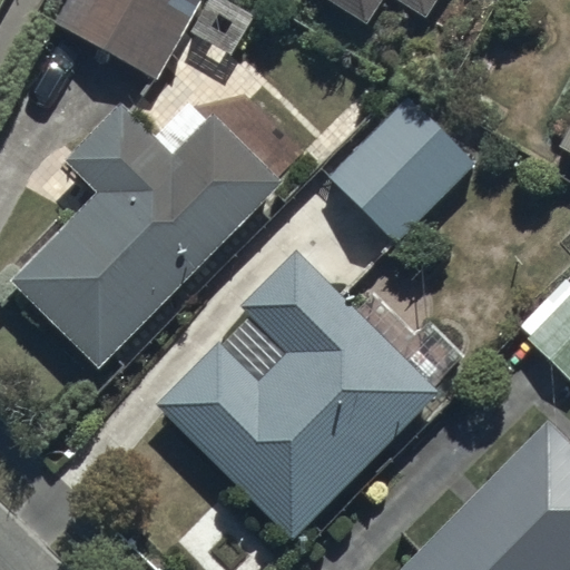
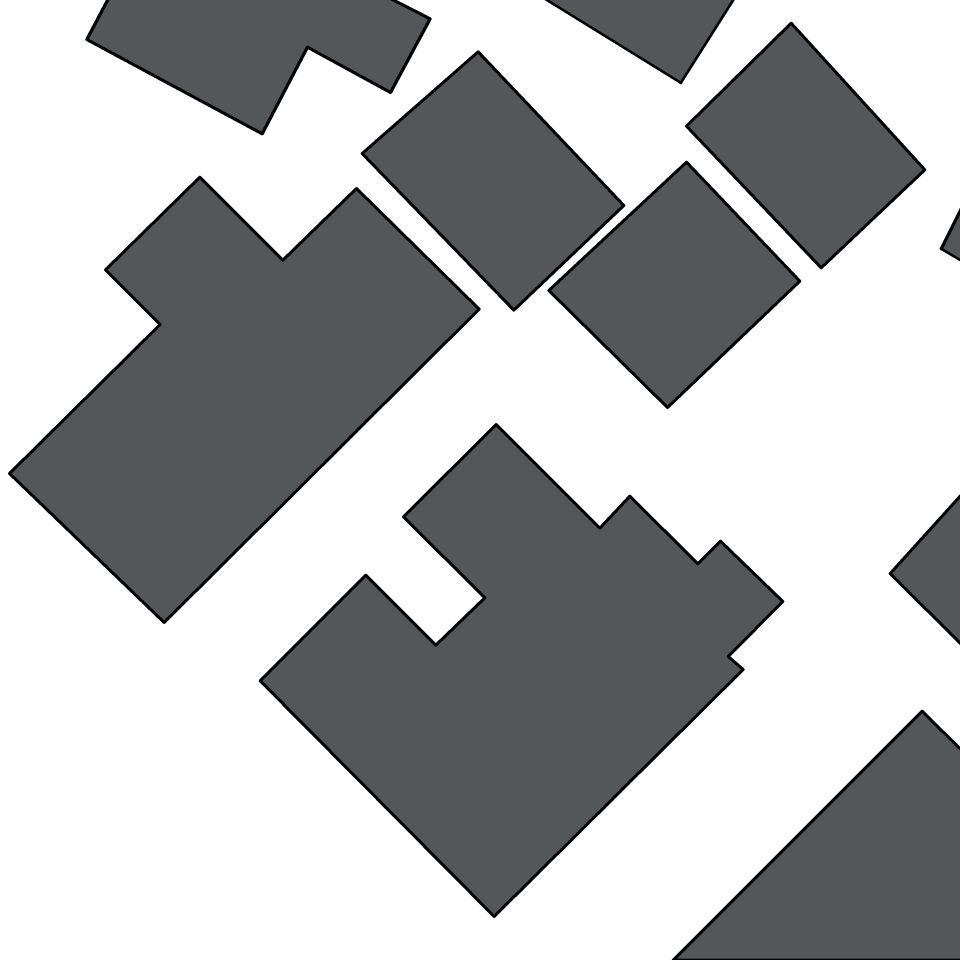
building: none -> [686,23,925,268]
building: none -> [362,52,624,310]

